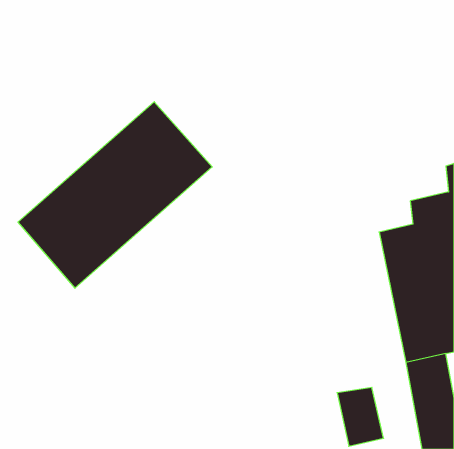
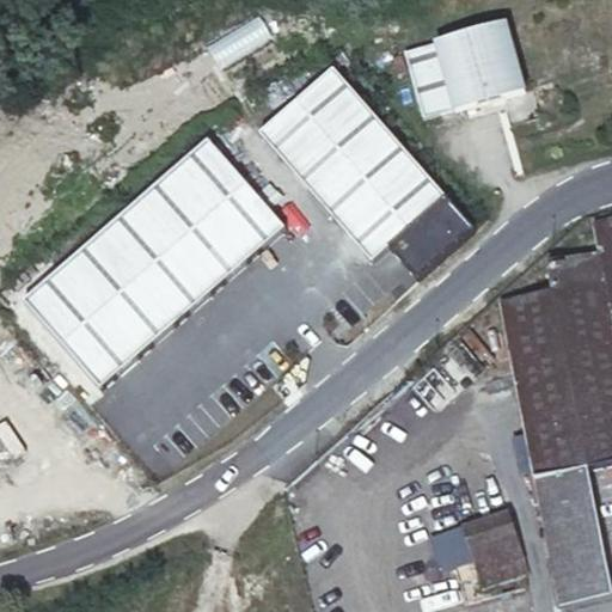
building: none -> [405,18,524,111]
building: none -> [258,63,475,274]

